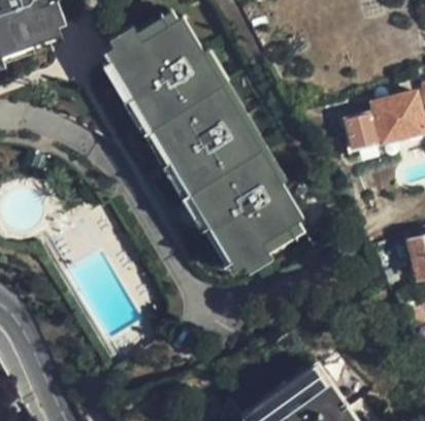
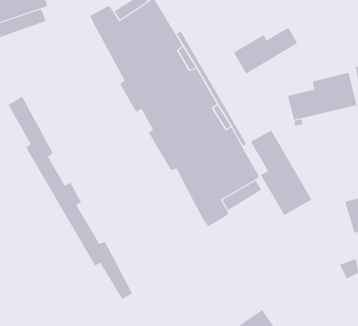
building: [104,40,246,271] -> [8,96,133,300]
building: none -> [233,27,298,74]
building: none -> [250,130,312,216]

